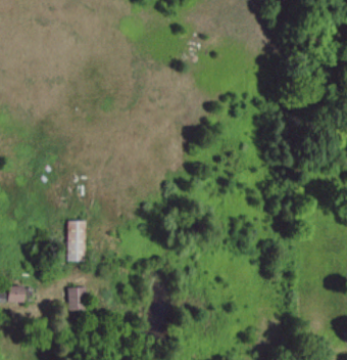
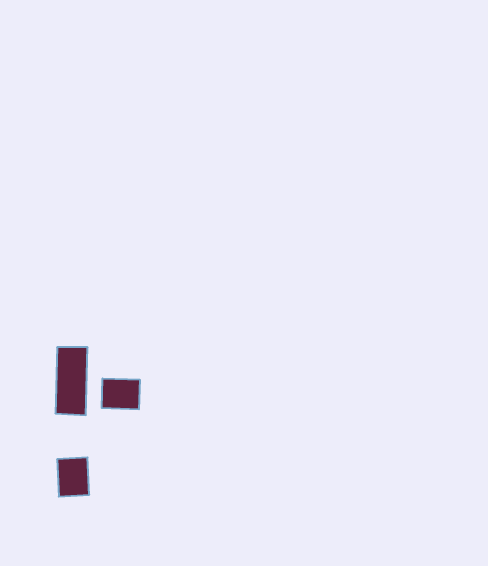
building: none -> [102,378,140,409]

